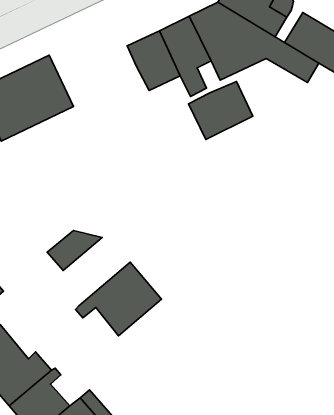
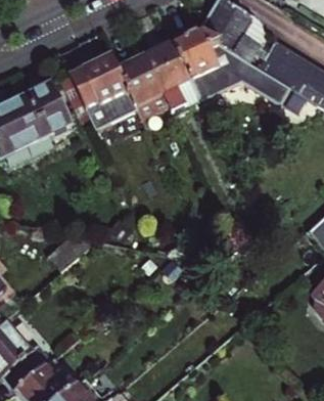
building: none -> [67,54,125,118]
building: [188,82,253,139] -> none
building: [75,262,162,336] -> none

